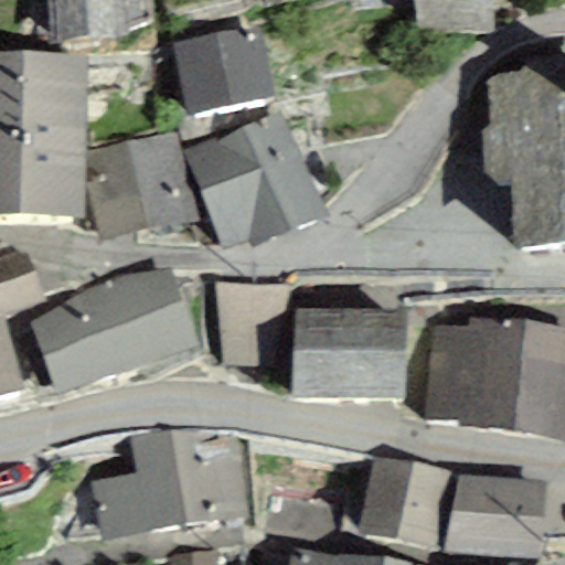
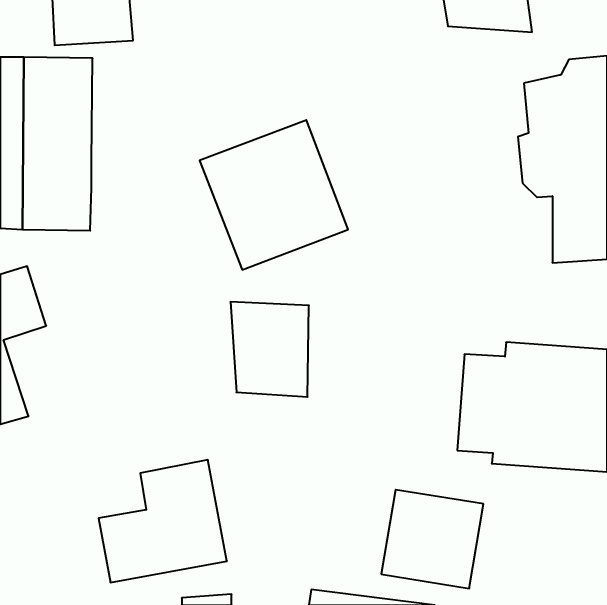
building: [171,24,275,115] -> none
building: [85,130,199,241] -> none
building: [30,267,198,395] -> none
building: [292,309,403,396] -> none
building: [445,473,547,556] -> none

